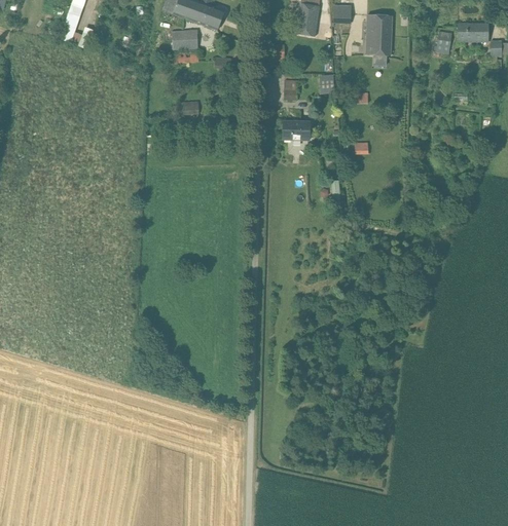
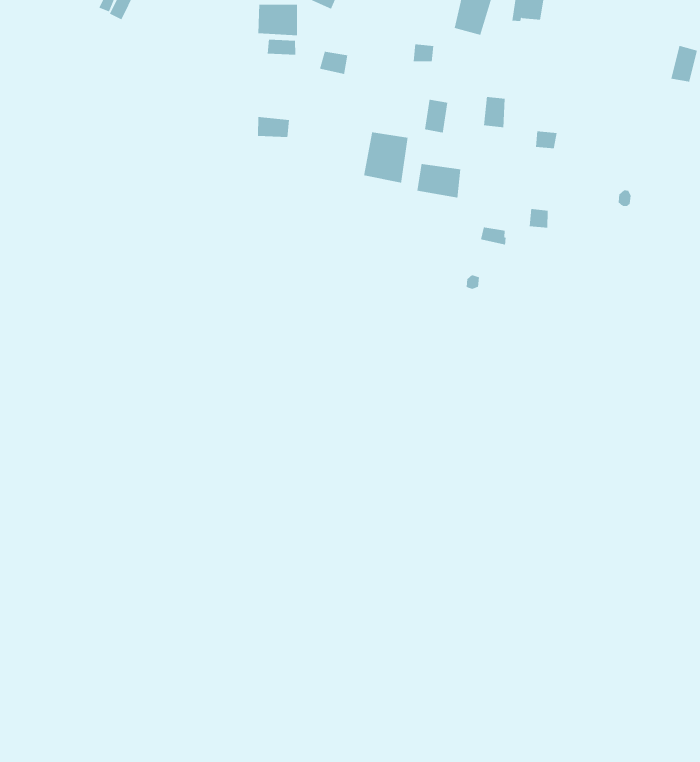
building: [364,13,392,54] -> none
building: none -> [363,131,408,184]

